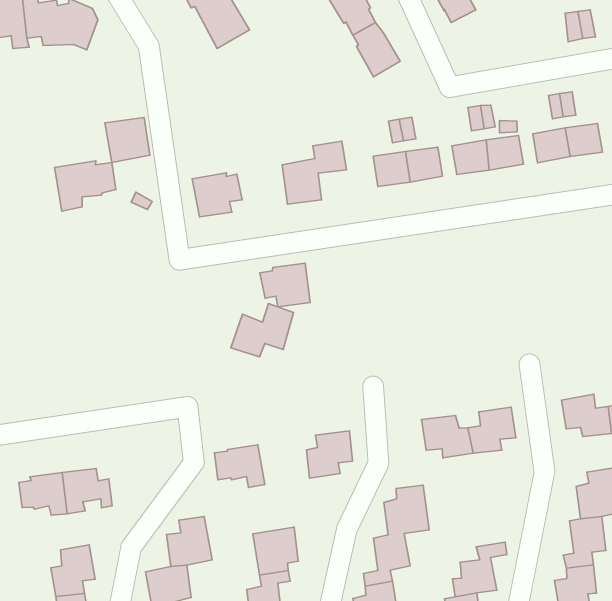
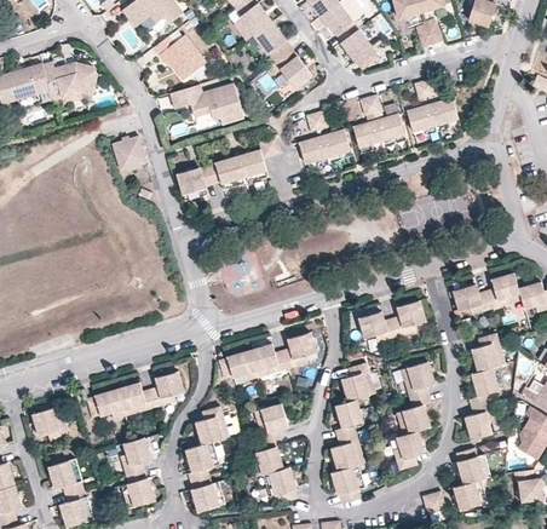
building: none -> [340,30,376,68]
building: none -> [173,85,244,125]
building: [54,161,116,211] -> none
building: [260,263,310,307] -> [208,156,246,189]
building: none -> [248,344,287,378]
building: none -> [149,372,183,407]
building: none -> [399,362,433,401]

